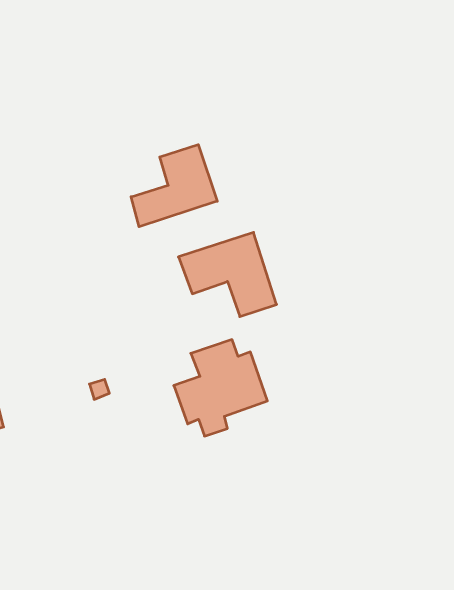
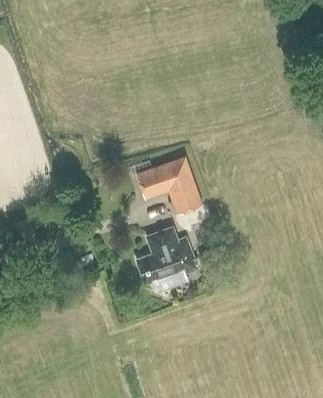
building: [131,145,217,227] -> none

